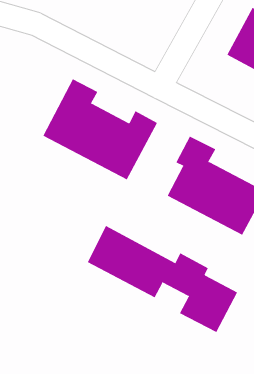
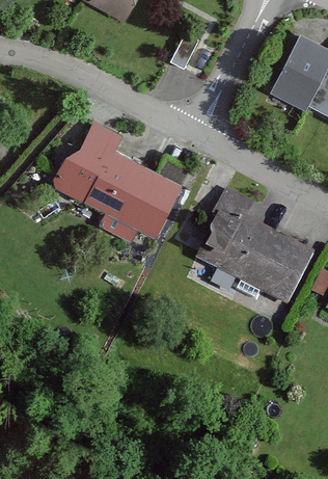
building: [87,225,238,333] -> none

